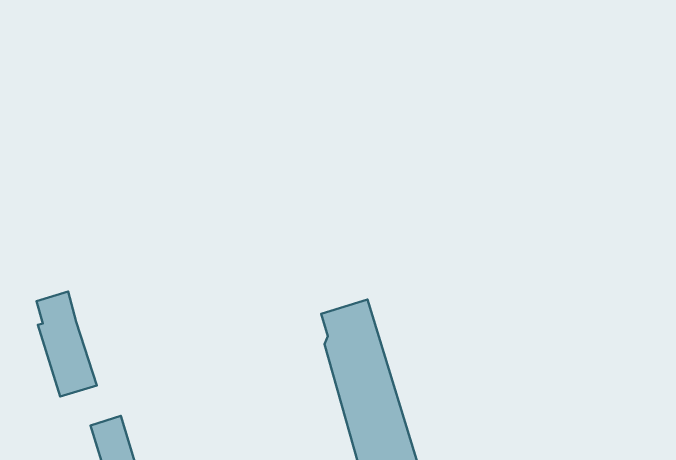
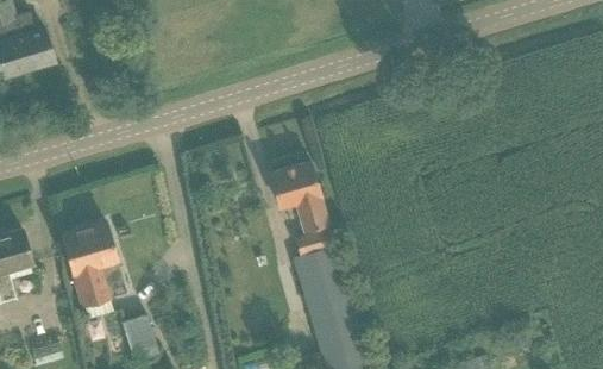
building: none -> [268,157,326,224]
building: none -> [59,225,98,301]

